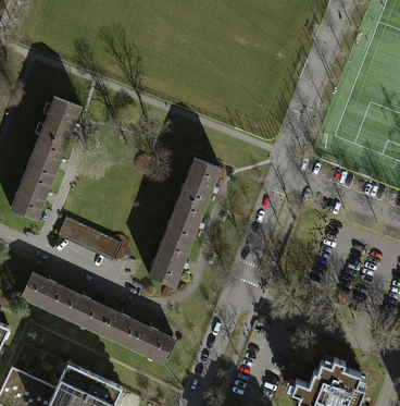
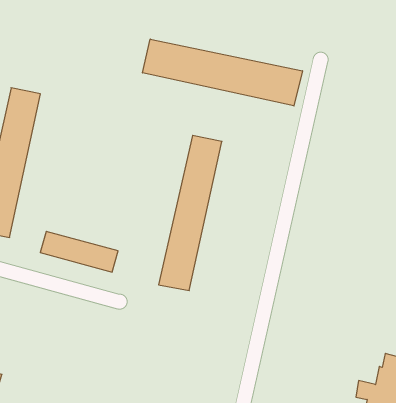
building: none -> [143,39,302,106]
building: [22,273,177,364] -> none

